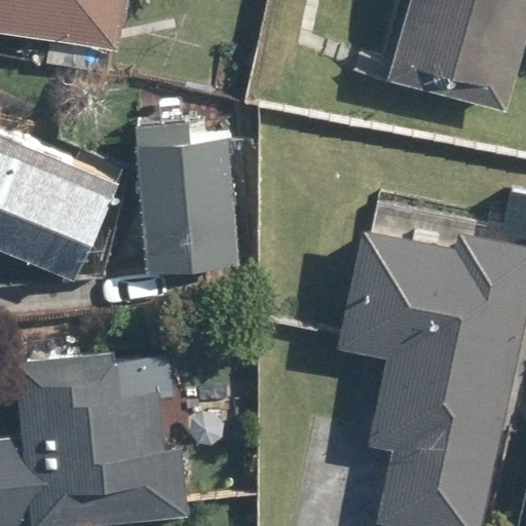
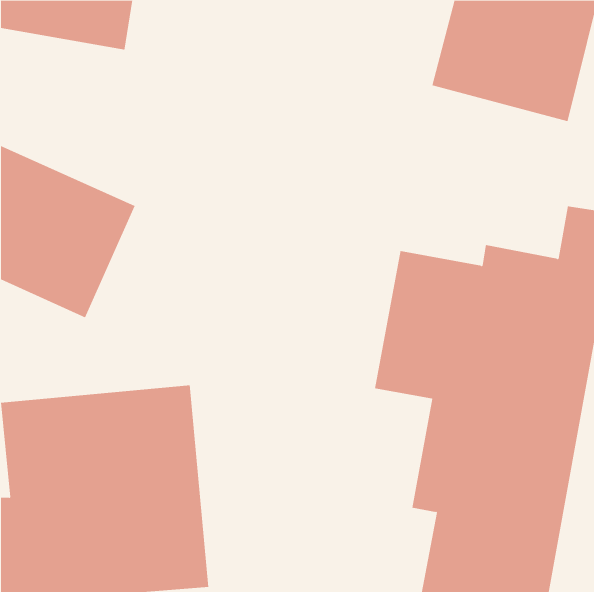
building: [134,119,243,274] -> none

